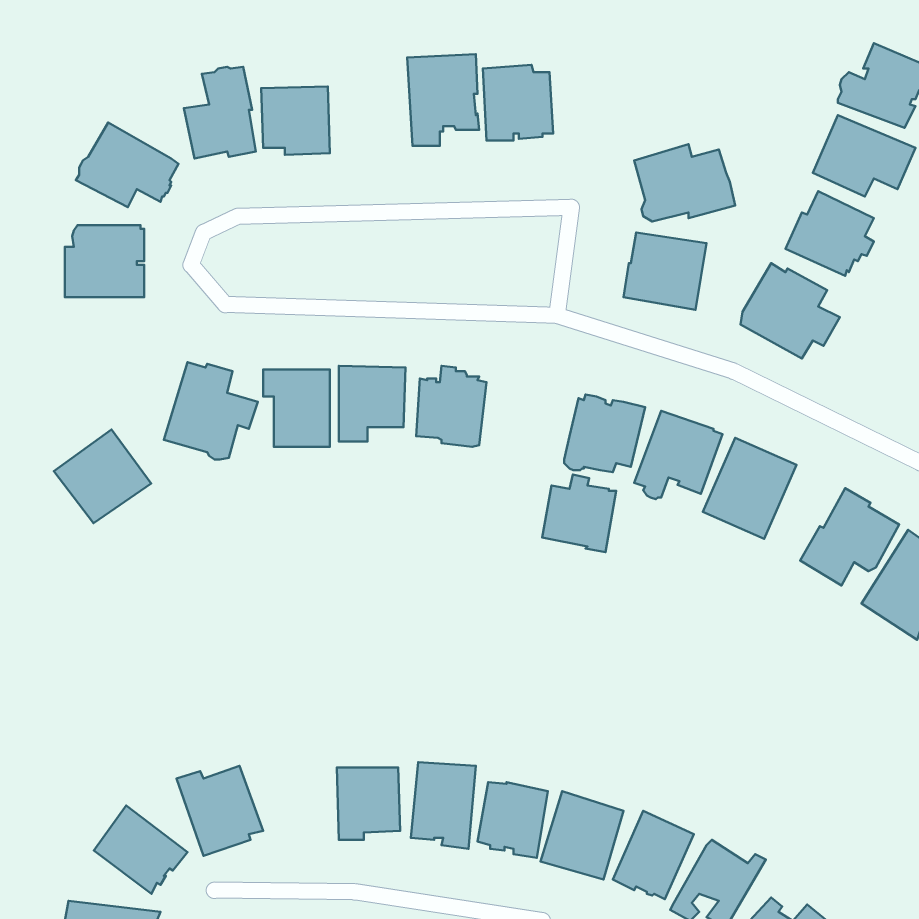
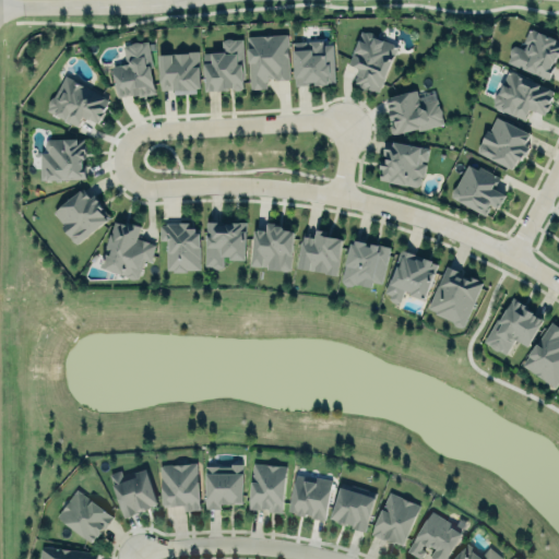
building: none -> [355,32,399,92]
building: none -> [204,38,247,92]
building: [54,430,151,523] -> [51,188,110,245]
building: [542,475,616,552] -> [299,229,344,276]
building: none -> [160,464,200,512]

